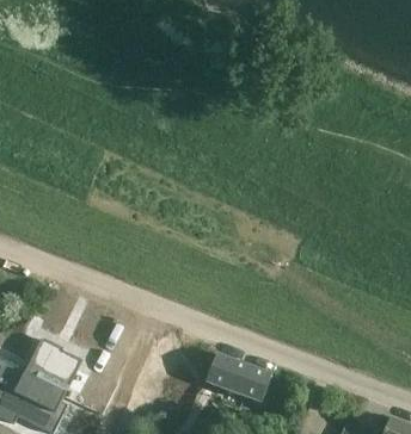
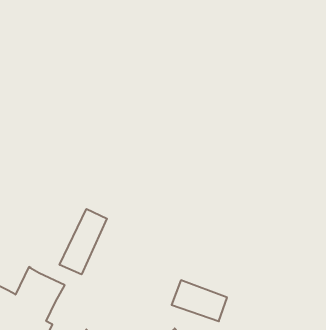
building: none -> [60,209,107,274]

